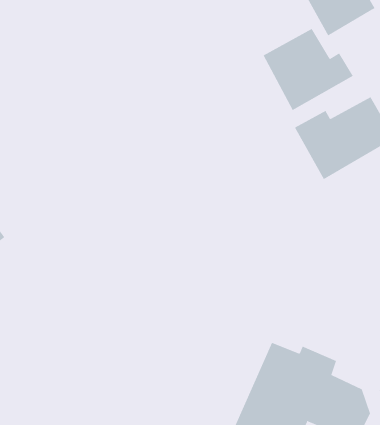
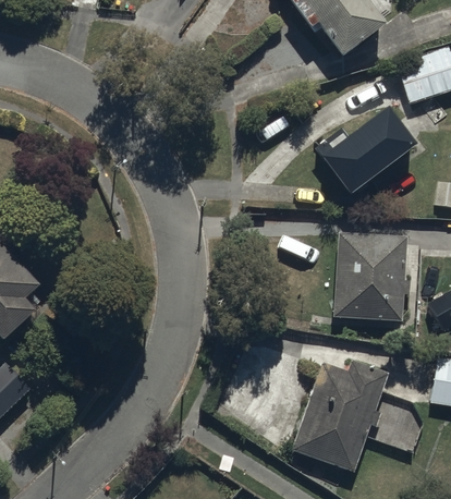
building: [263,28,353,111] -> none
building: none -> [330,230,410,321]

